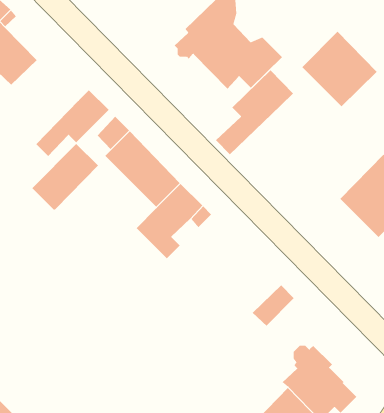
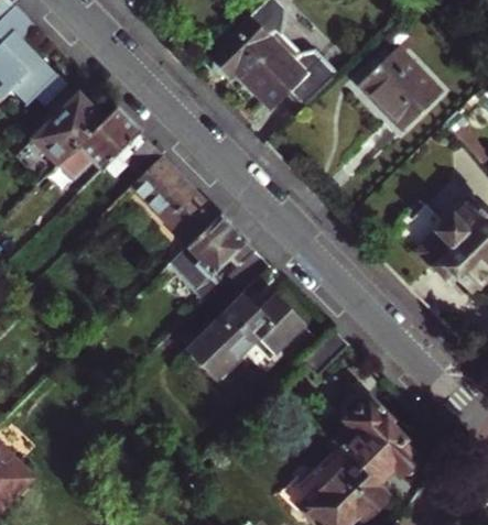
building: [215,69,294,155] -> none
building: [31,143,99,210] -> [28,96,104,172]
building: none -> [184,294,305,383]

